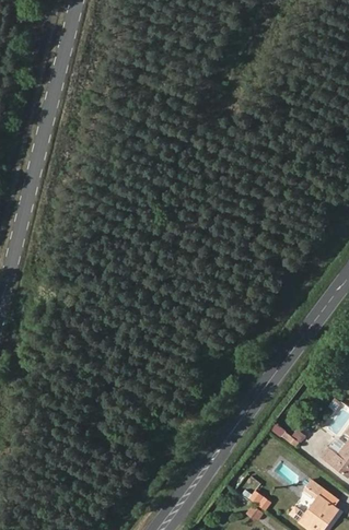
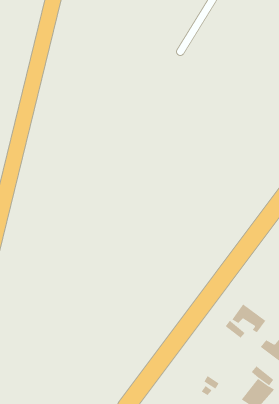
building: none -> [231,303,266,333]

